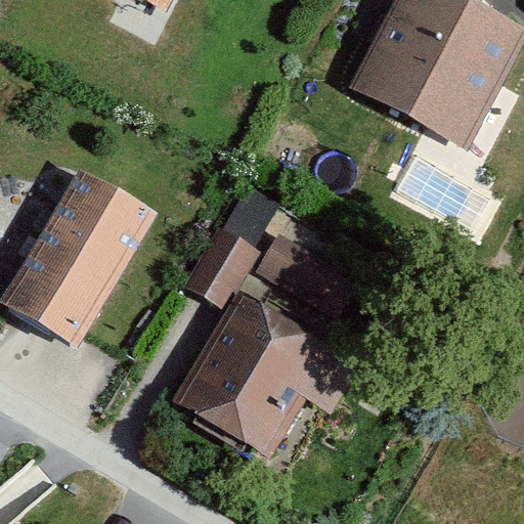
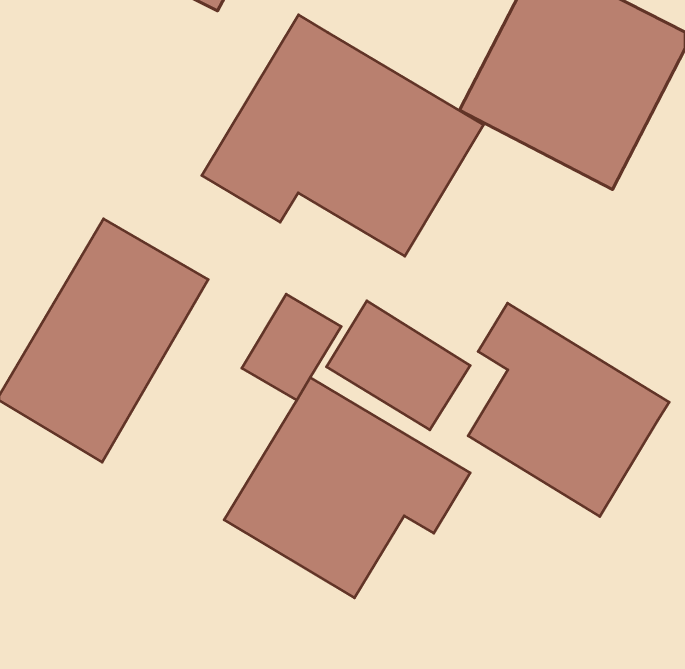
building: none -> [202,15,483,256]
building: none -> [468,303,669,517]

